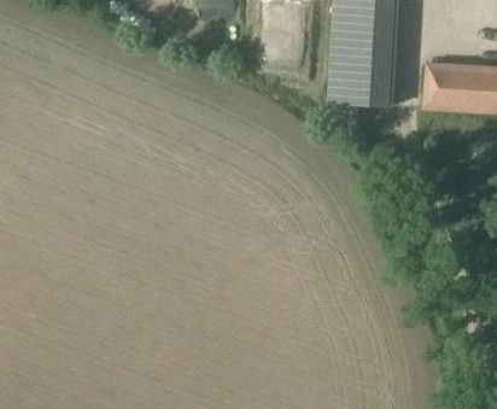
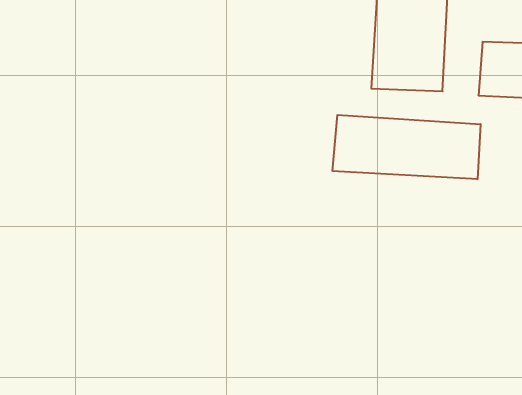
building: none -> [333,115,481,179]

